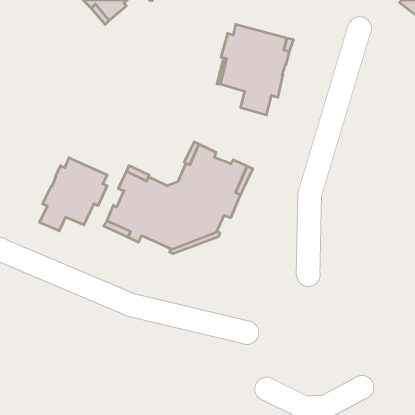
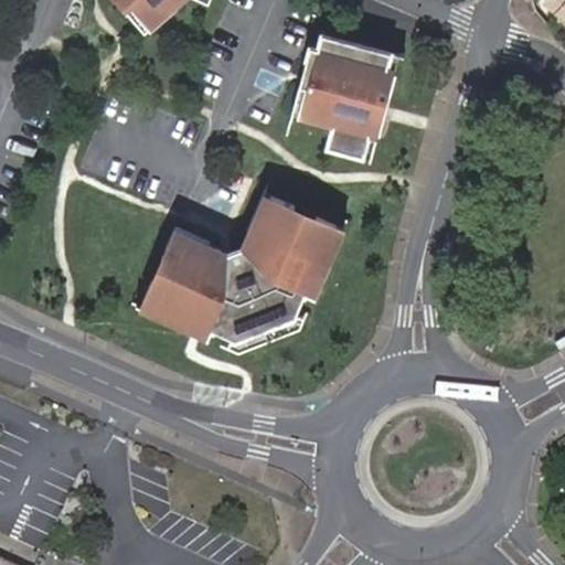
building: [40,158,107,231] -> none

